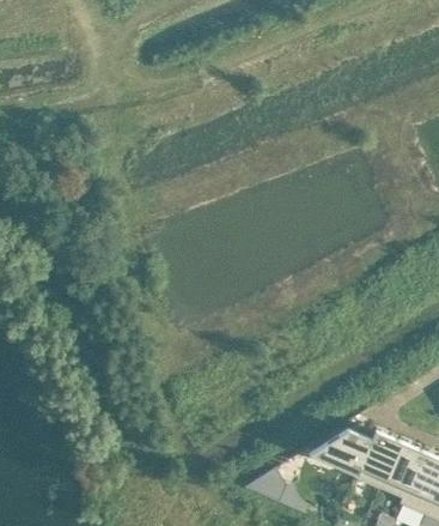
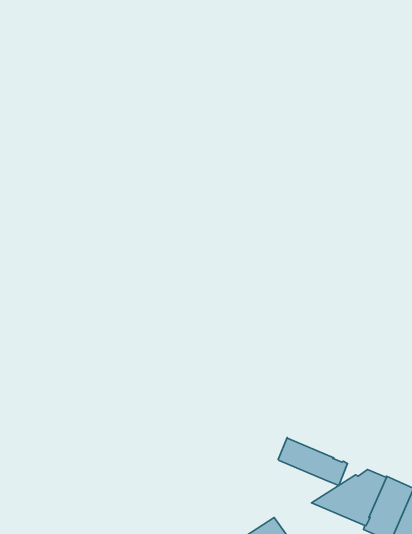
building: none -> [278,437,348,485]

